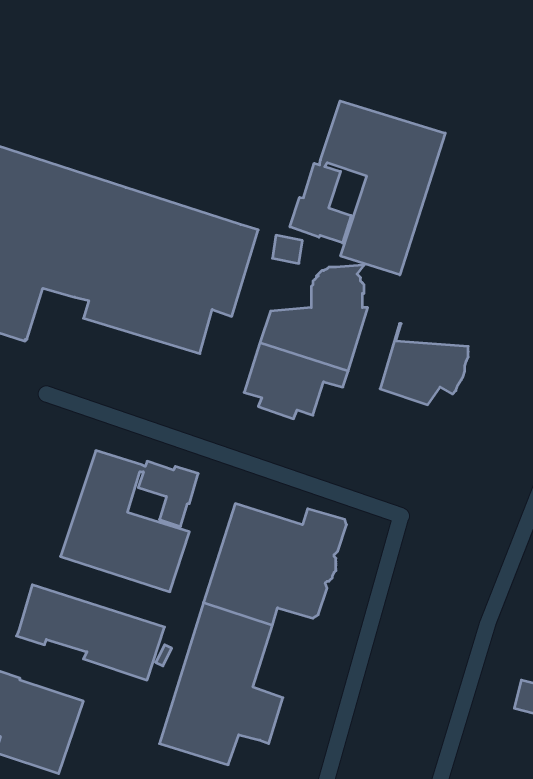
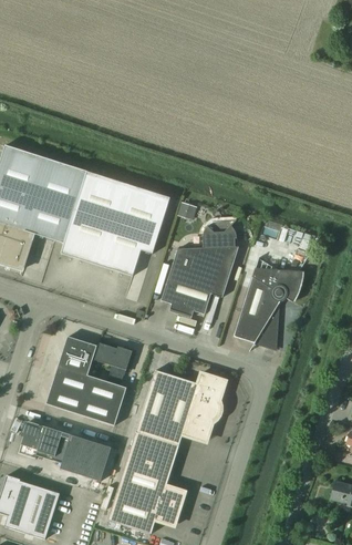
building: [290,101,445,275] -> none
building: none -> [234,297,278,348]

